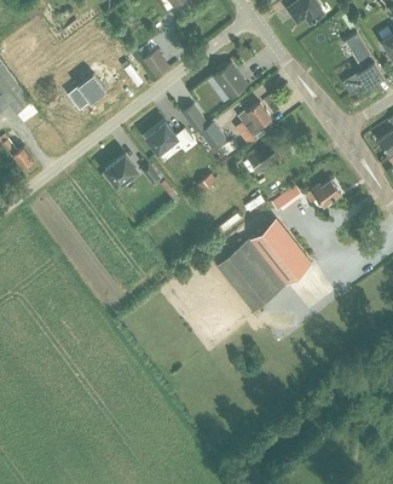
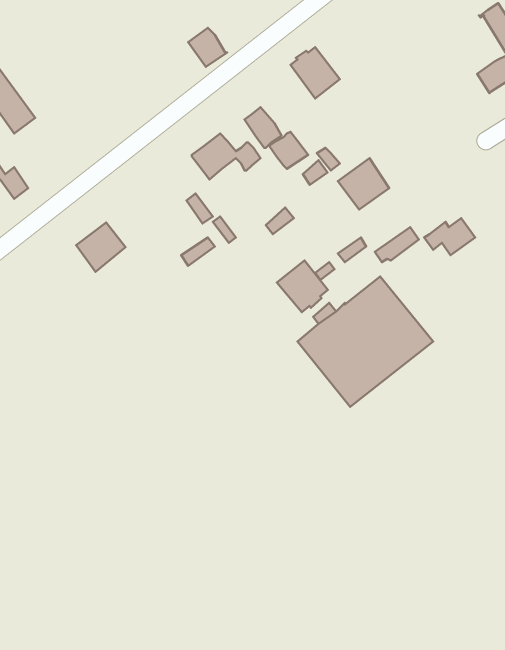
building: [67,73,106,110] -> none
building: [237,103,271,140] -> none
building: [104,154,138,188] -> [76,222,125,272]
building: none -> [277,260,328,312]

